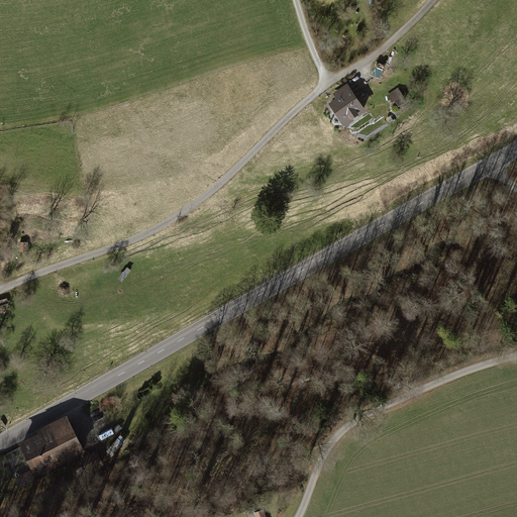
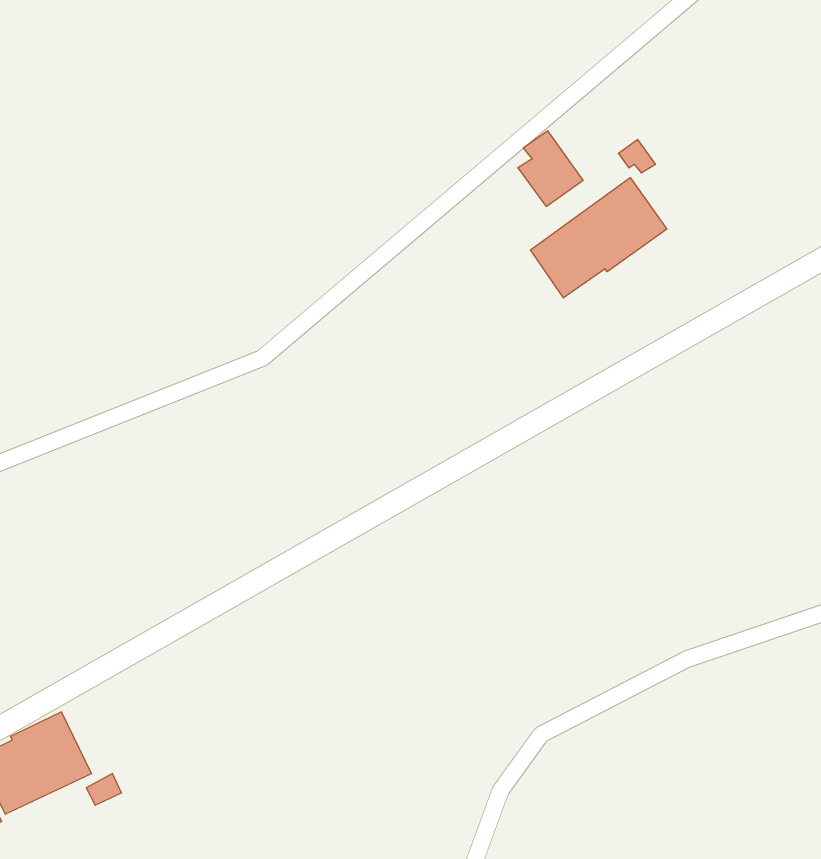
building: none -> [530,178,667,298]

